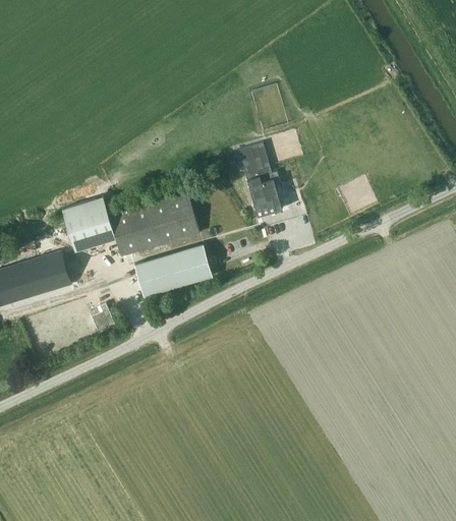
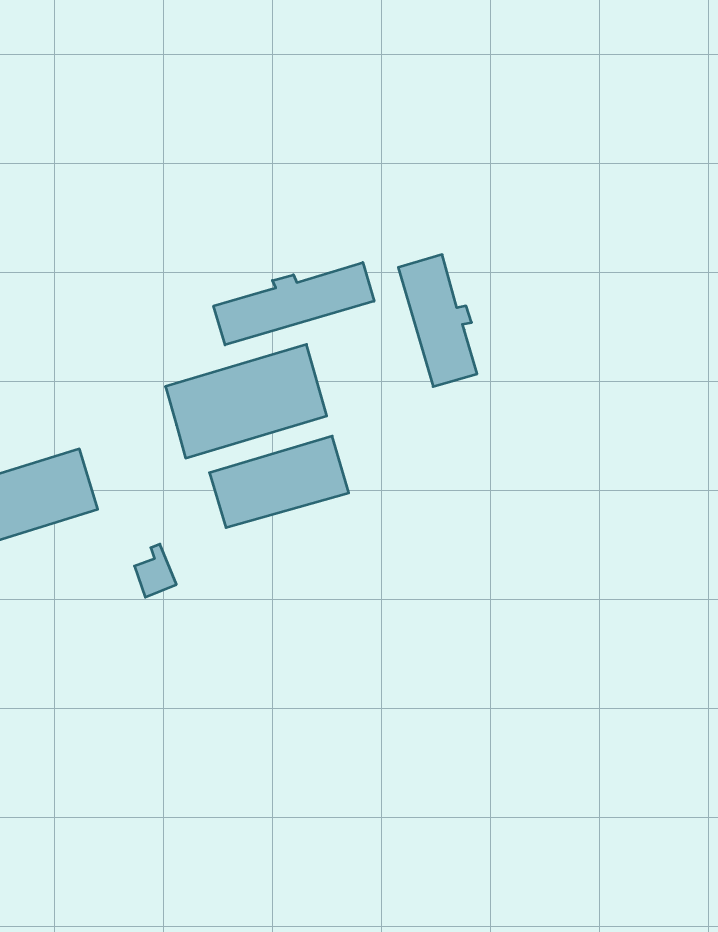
building: none -> [214,262,374,345]
building: [62,196,115,250] -> none

